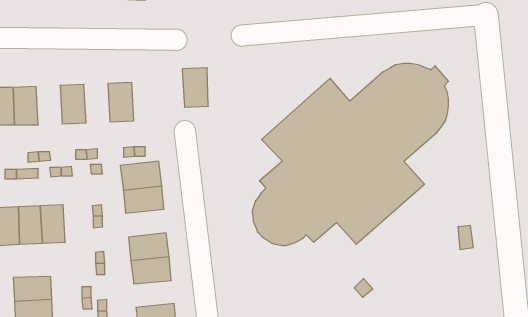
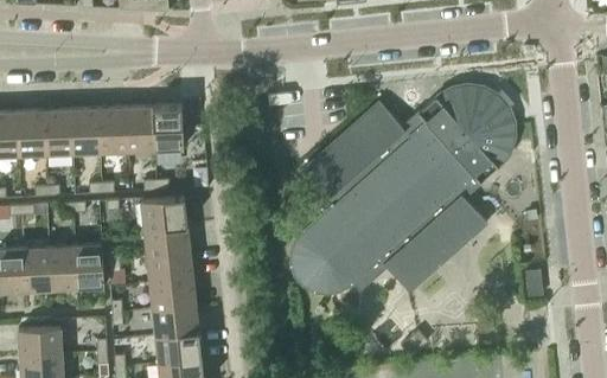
building: [182,68,208,107] -> [153,104,183,149]
building: none -> [98,107,128,152]
building: none -> [44,109,74,154]
building: none -> [75,244,103,288]
building: none -> [146,250,192,282]
building: none -> [155,332,202,363]

